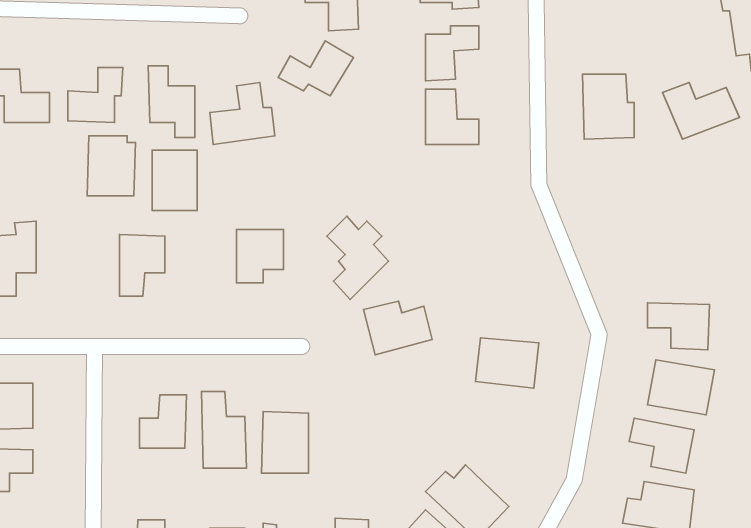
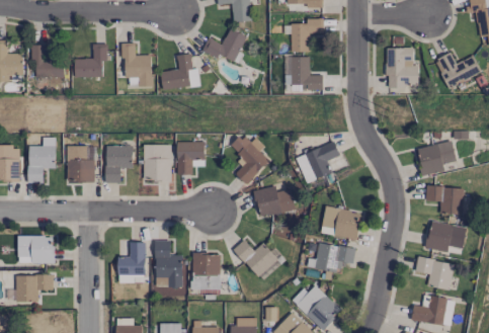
building: [87,136,135,196] -> [66,146,95,182]
building: [152,150,197,210] -> [144,145,171,181]
building: none -> [296,141,340,183]
building: none -> [414,141,456,176]
building: none -> [234,239,278,277]
building: none -> [314,242,355,271]

